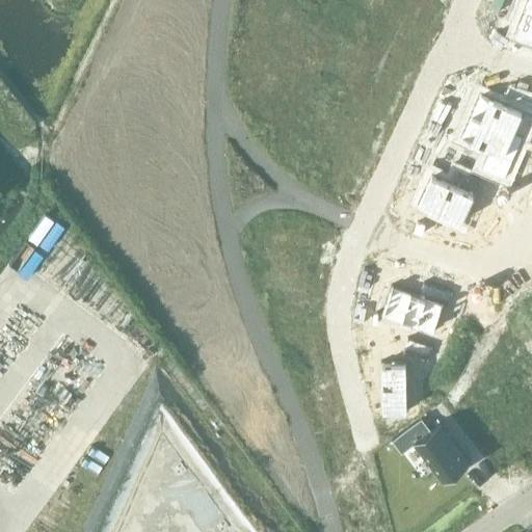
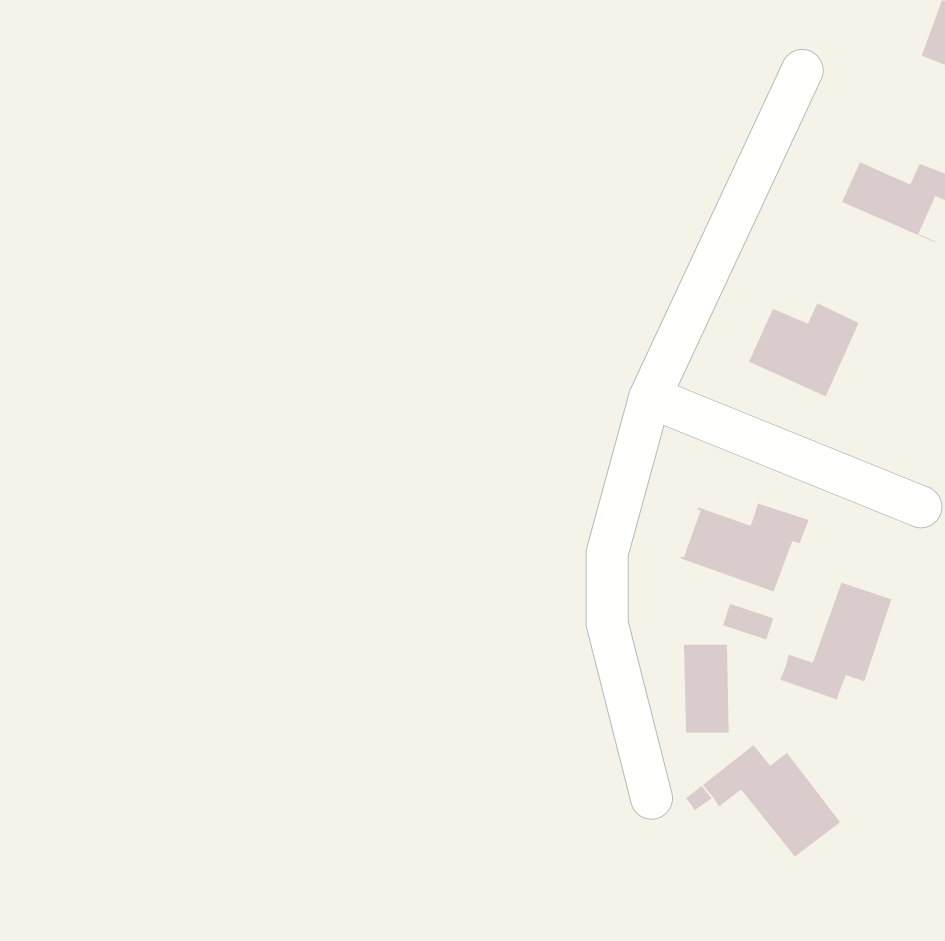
building: [463,117,526,180] -> none
building: none -> [780,582,892,700]

